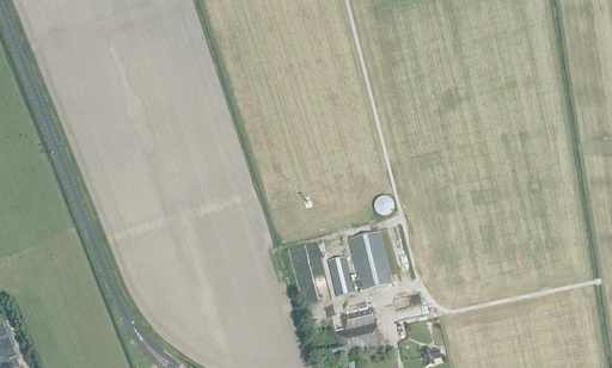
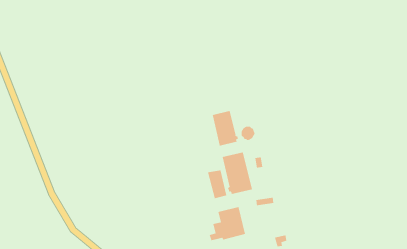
building: none -> [212,110,238,147]

